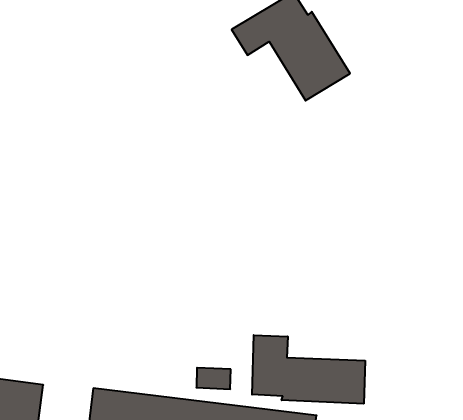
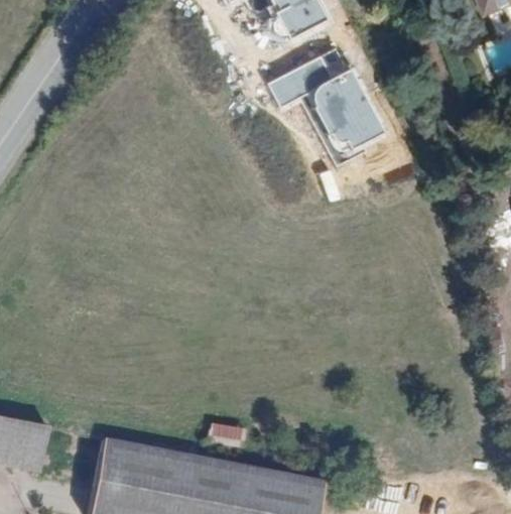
building: [252,335,365,404] -> none

